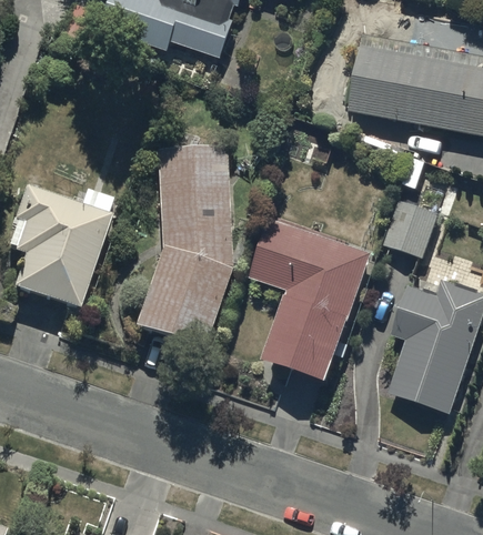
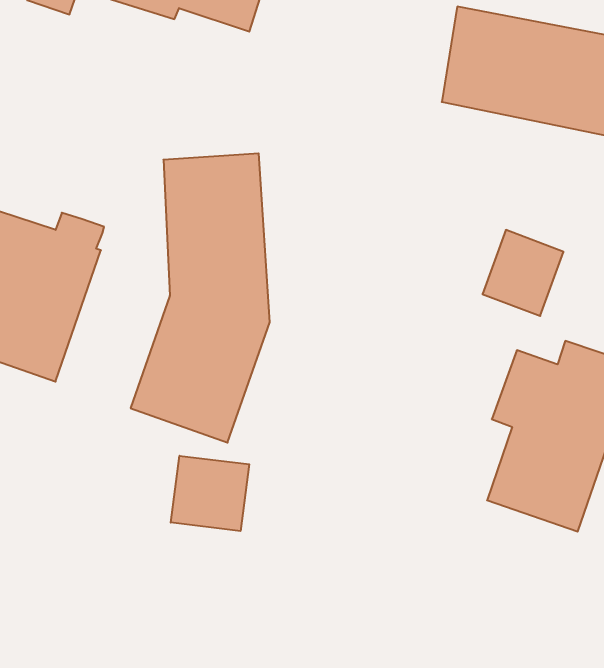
building: [243,215,369,383] -> none
building: none -> [171,456,249,531]

